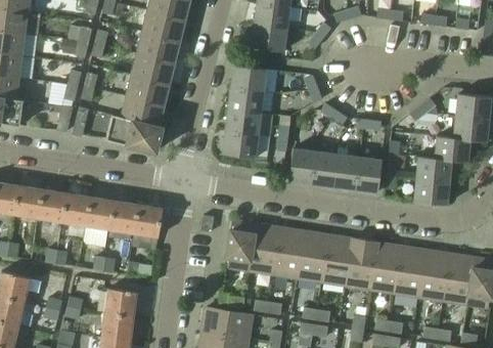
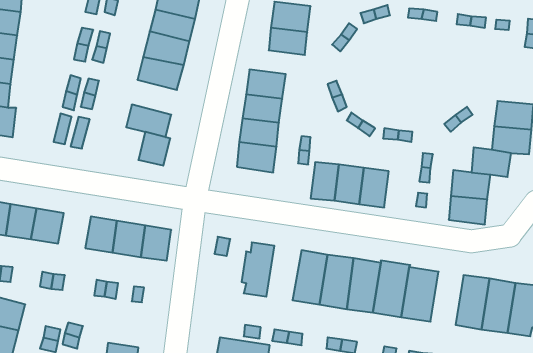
building: [128,74,169,105] -> none
building: [106,114,140,146] -> none
building: [356,157,383,192] -> none
building: [61,194,91,226] -> none
building: [250,224,281,273] -> none
building: [398,248,428,296] -> none
building: [106,289,137,316] -> none

